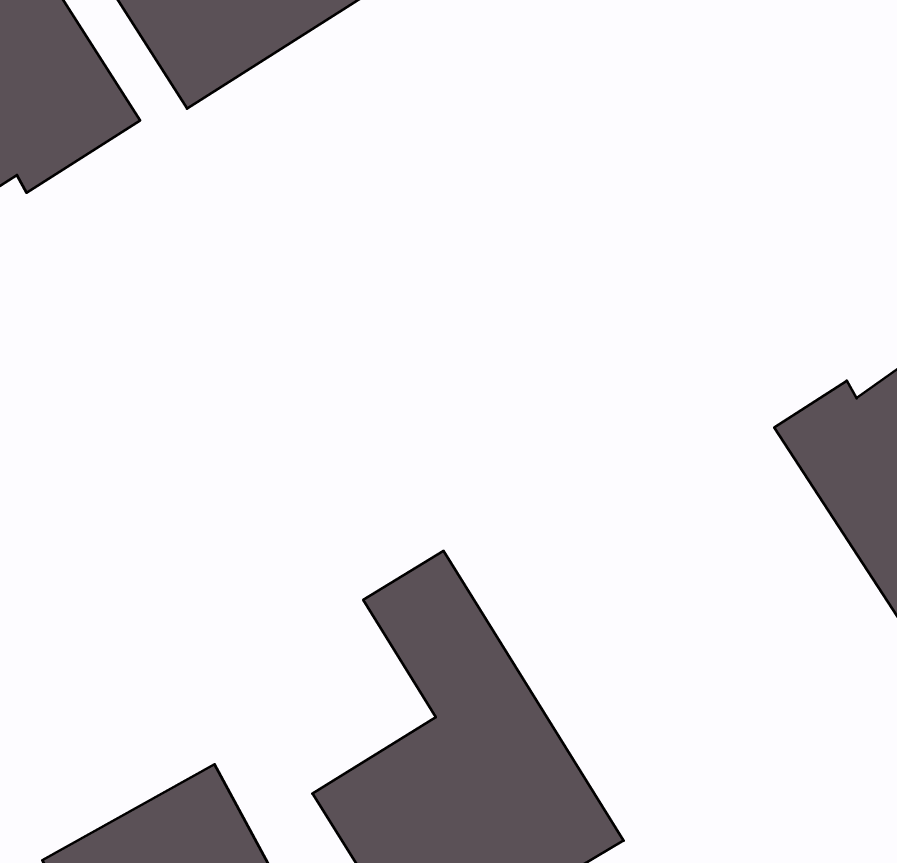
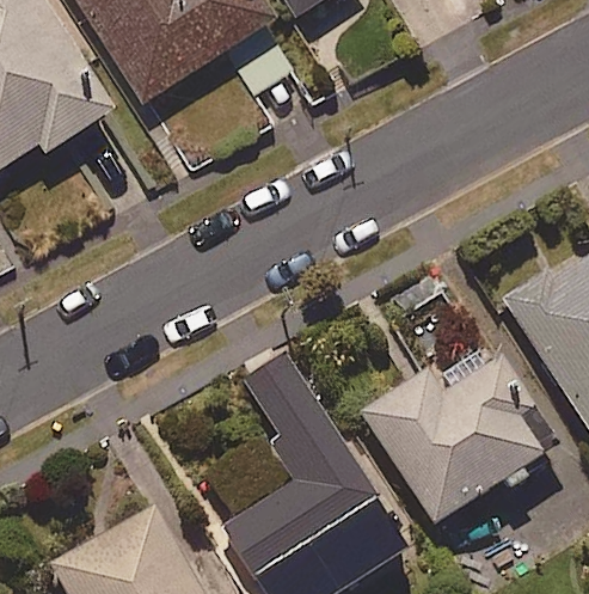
building: none -> [360,355,558,523]

